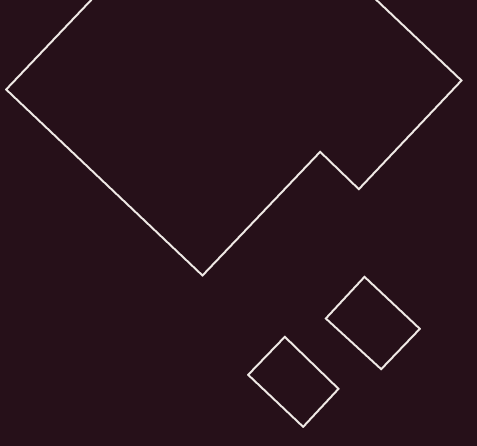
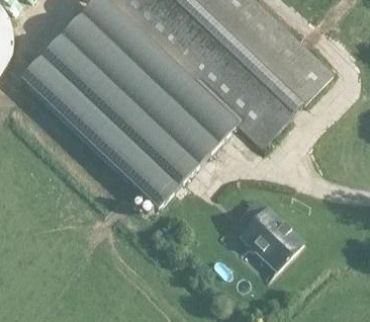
building: [248,337,339,427] -> none

